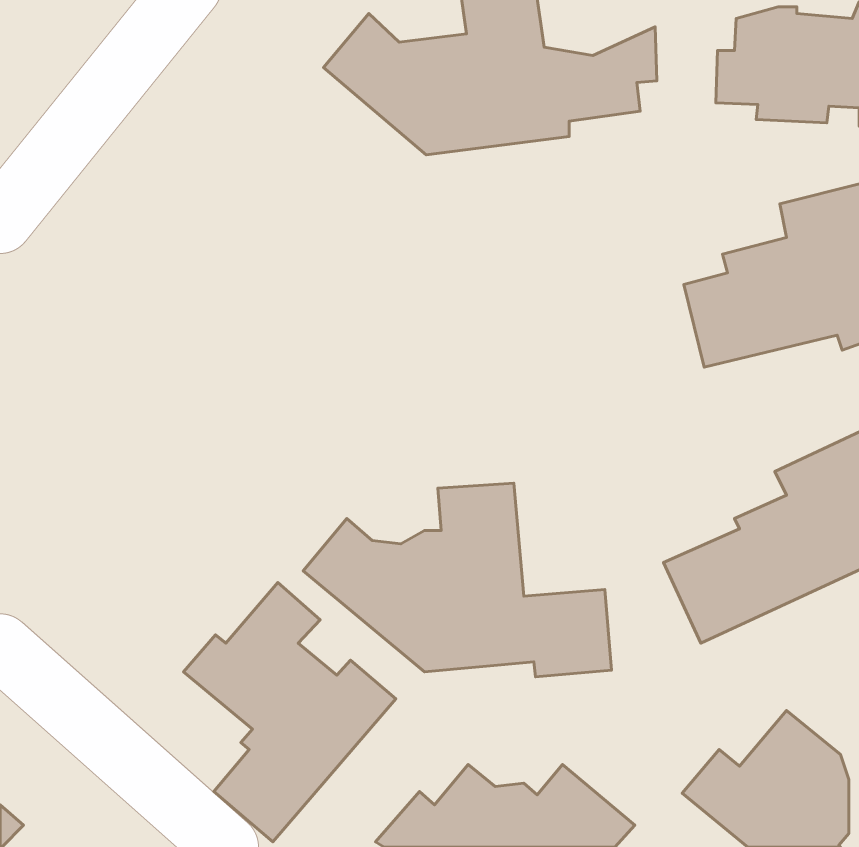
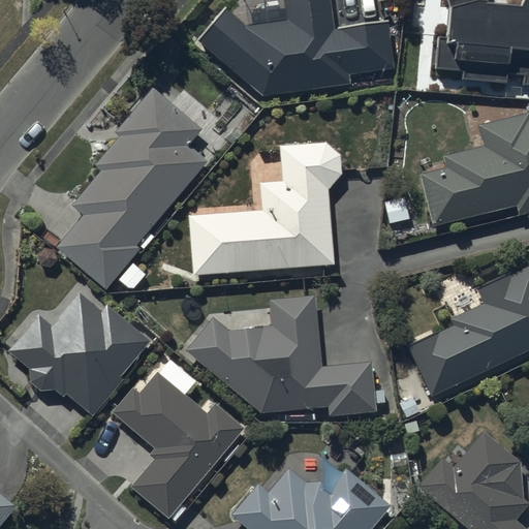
building: none -> [59,85,213,285]
building: none -> [187,142,342,277]
building: none -> [8,293,148,414]

